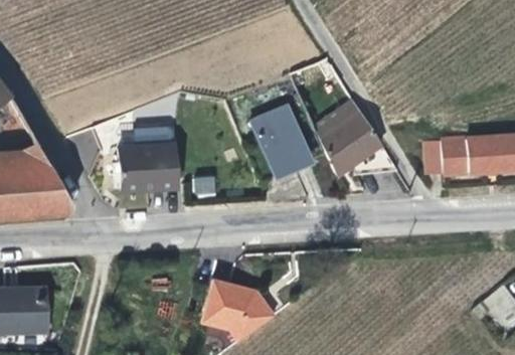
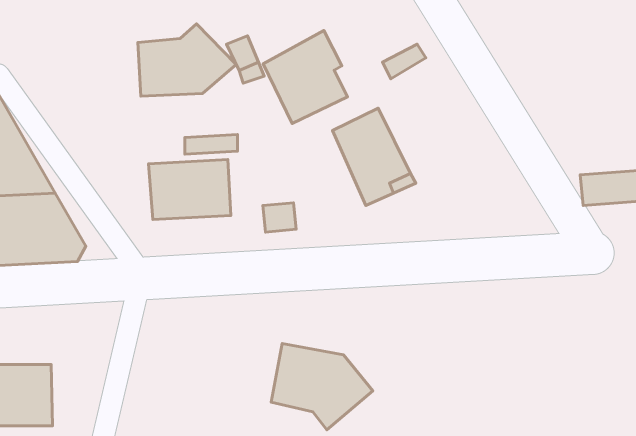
building: none -> [138,24,236,96]
building: none -> [263,31,347,123]
building: [310,98,395,175] -> none

